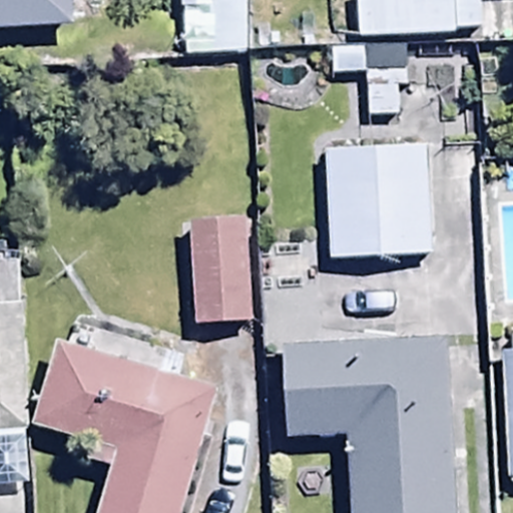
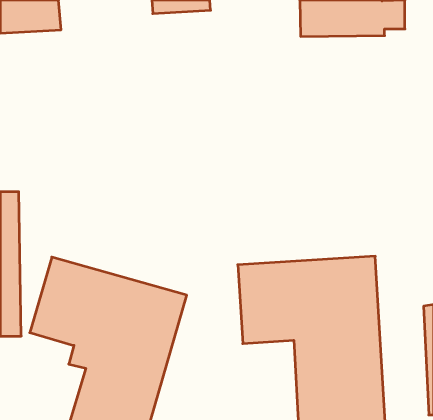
building: [326,125,433,244] -> none
building: [184,210,252,308] -> none

